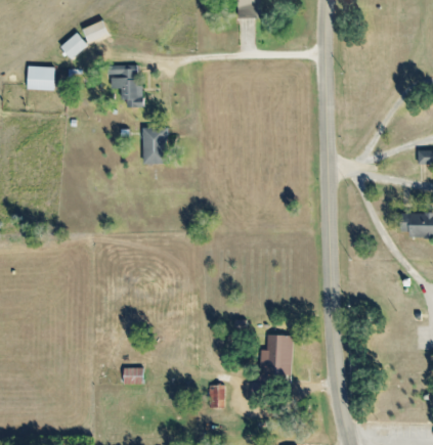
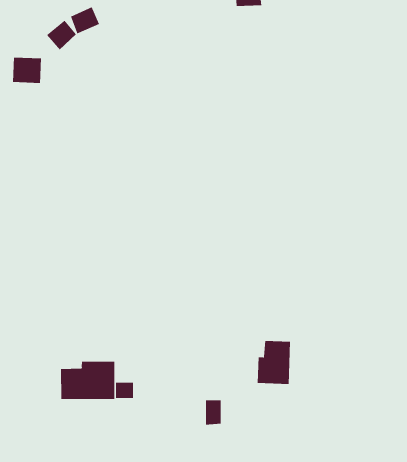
building: [110,65,143,108] -> none
building: [144,128,168,163] -> none
building: none -> [61,361,115,400]

